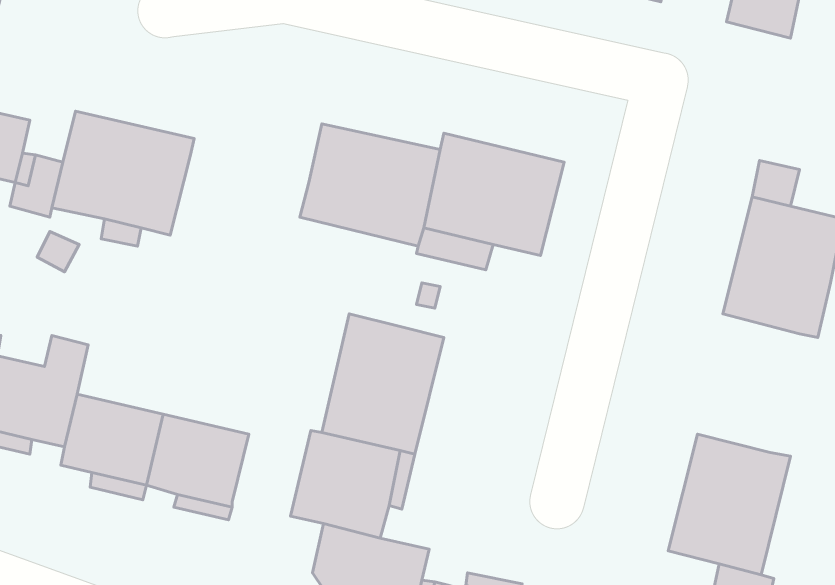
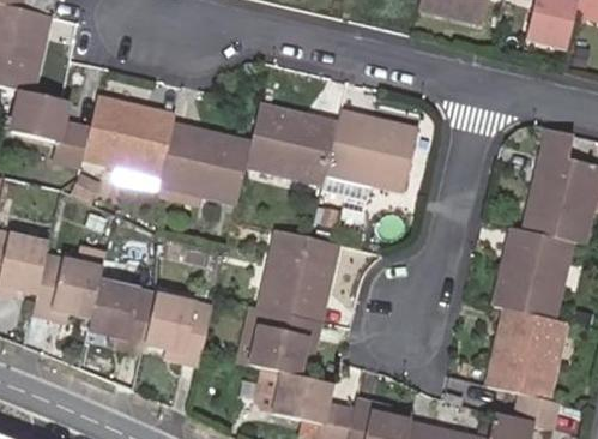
building: none -> [157,124,250,206]
building: none -> [493,225,573,319]

